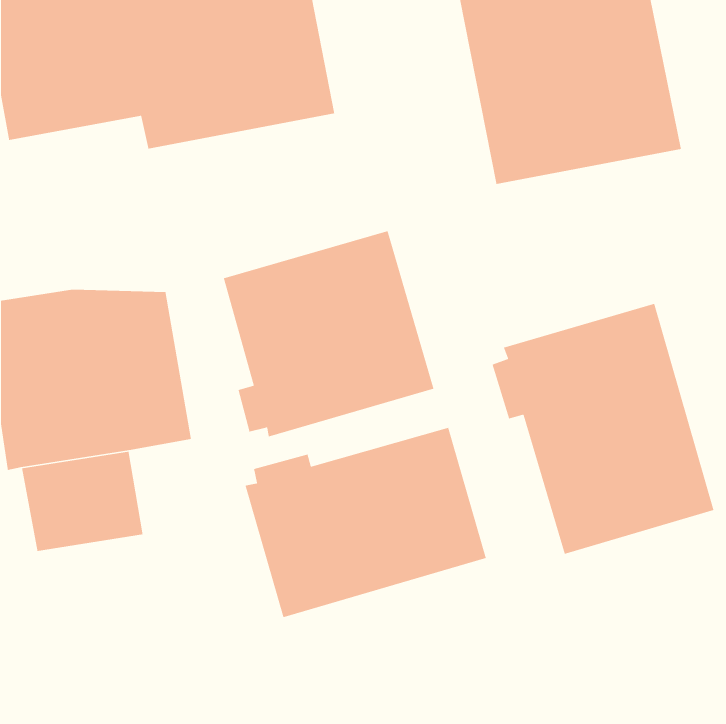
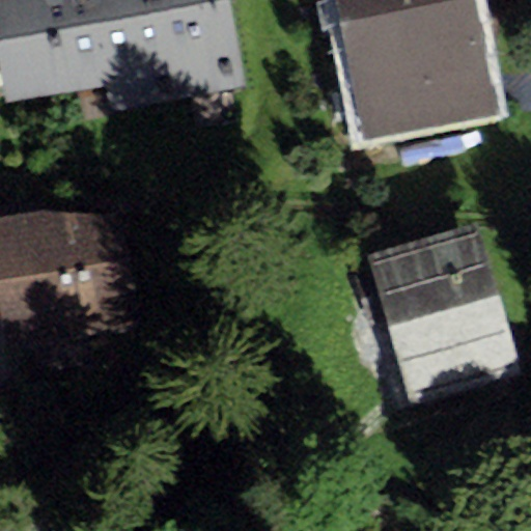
building: [223,230,435,438] -> none
building: [244,427,487,618] -> none

